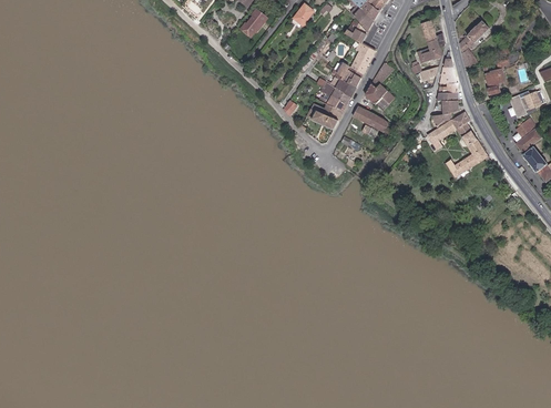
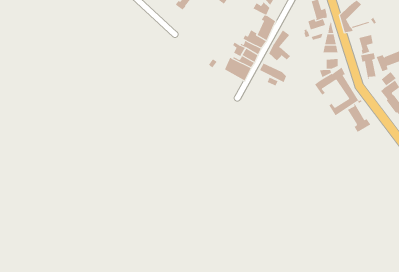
building: none -> [361,52,376,80]
building: none -> [347,103,371,133]

